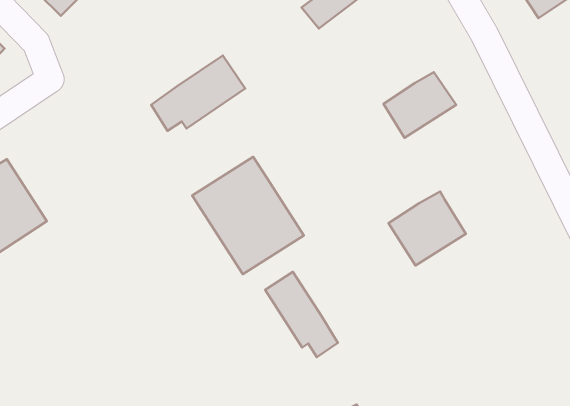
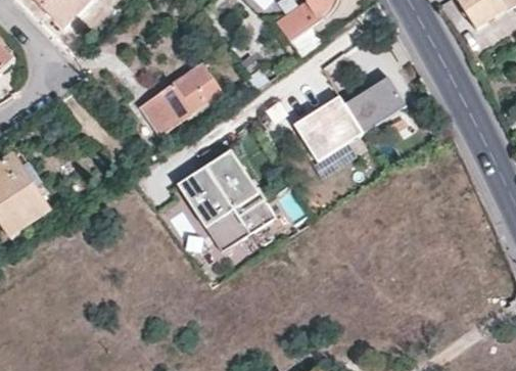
building: [389,191,466,265] -> [295,97,363,161]
building: [265,272,338,357] -> none

